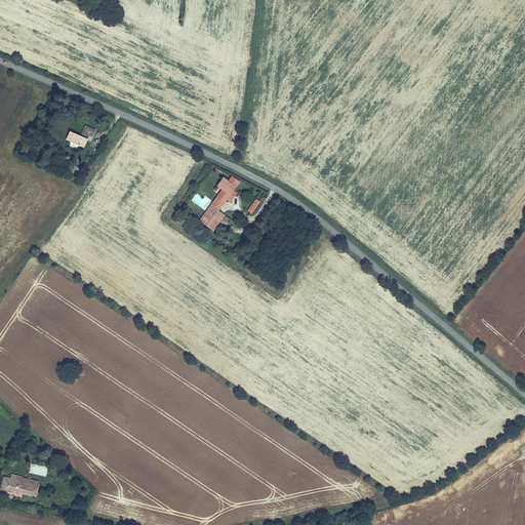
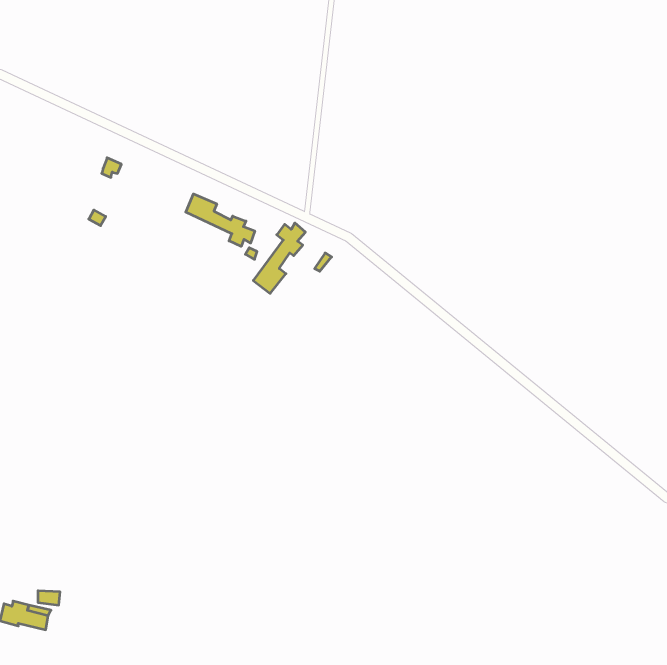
building: none -> [186,194,255,246]

